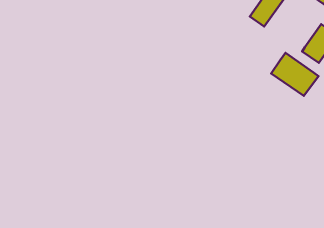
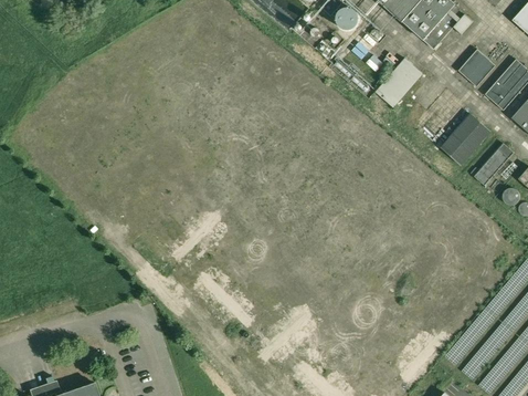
building: [271,53,318,96] -> none

